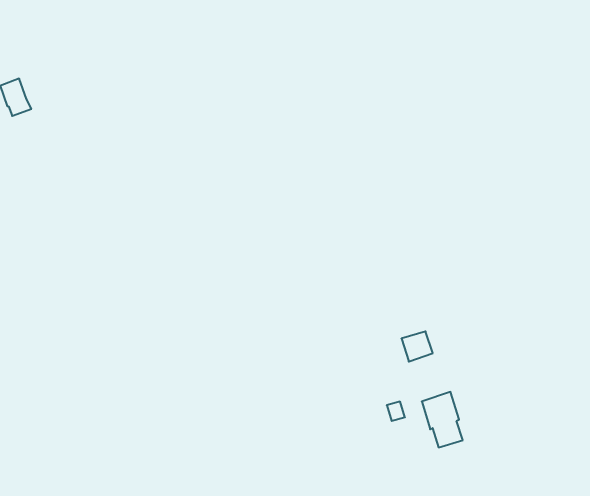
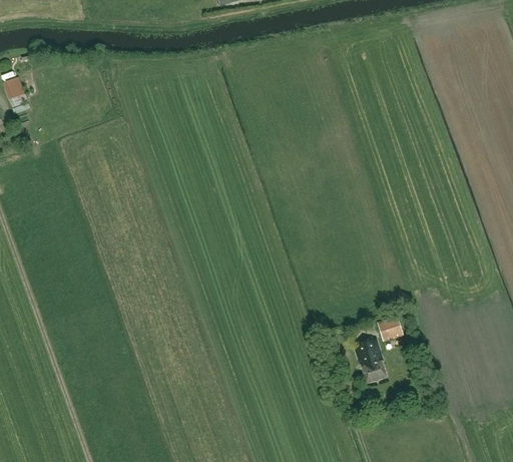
building: [401,331,433,362] -> [377,316,403,341]

